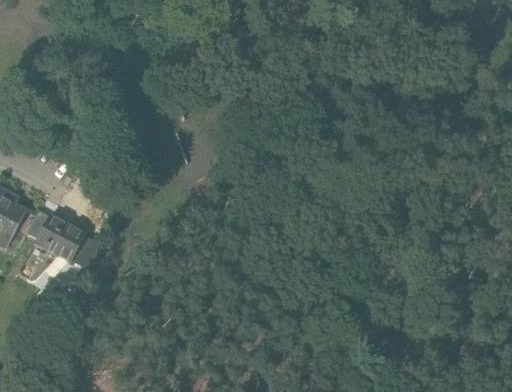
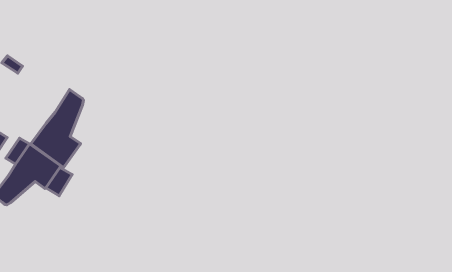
building: none -> [31,89,83,167]

